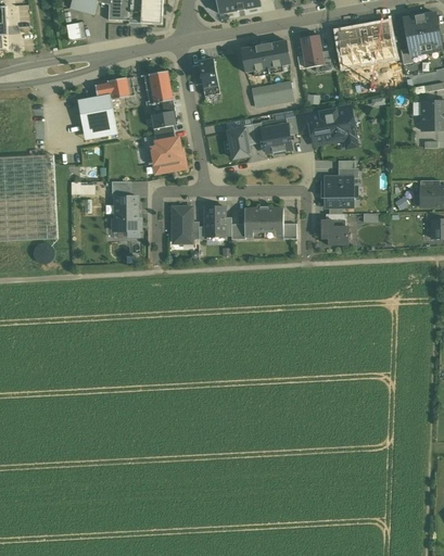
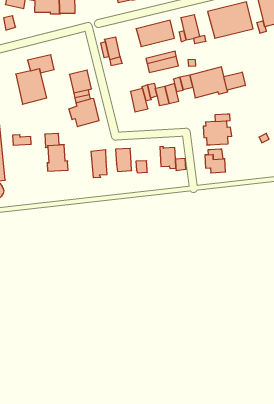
building: [143,71,173,102] -> none
building: none -> [224,72,245,90]
building: [243,205,263,235] -> none

